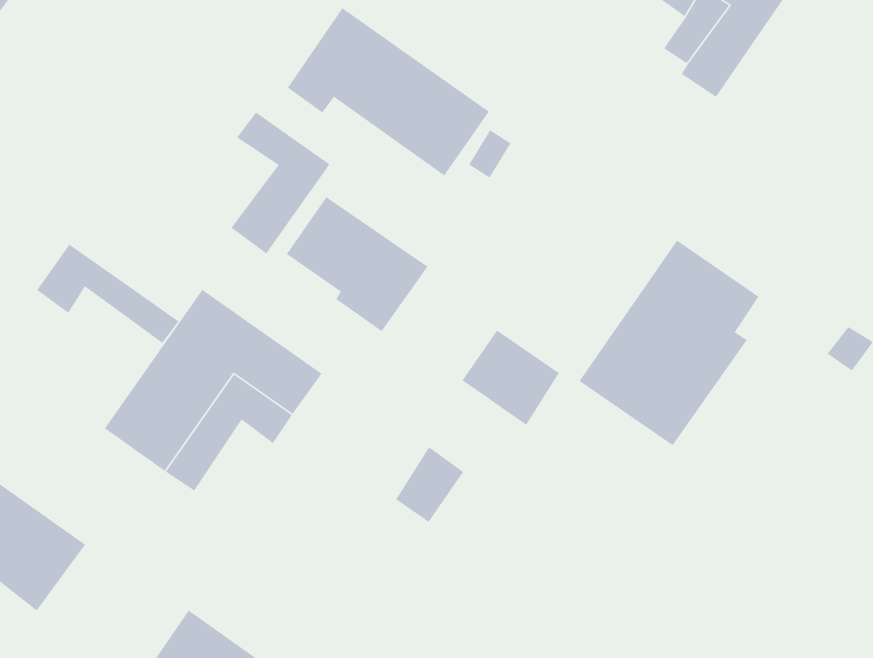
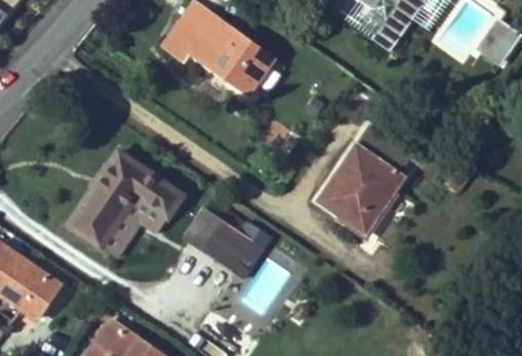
building: [230,111,330,254] -> none
building: [286,196,428,332] -> none
building: [36,243,179,344] -> none
building: [461,329,560,426] -> [188,211,239,262]

